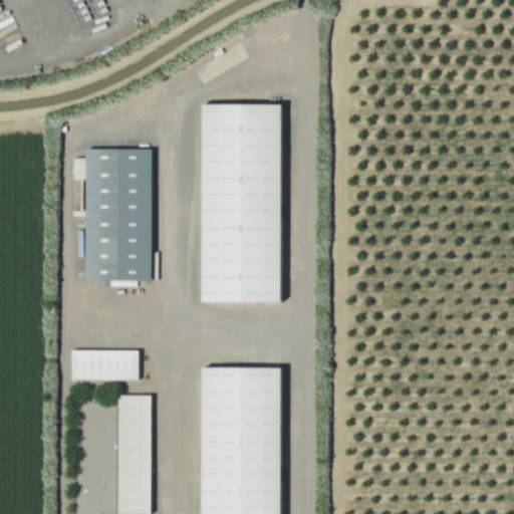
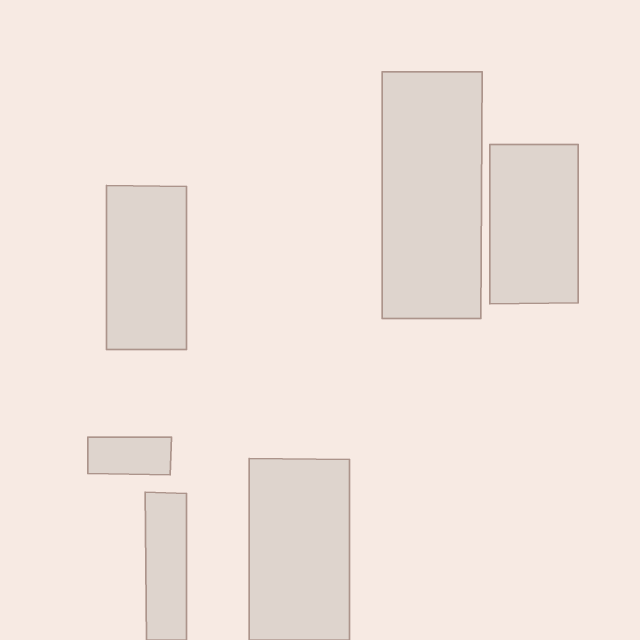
building: [202,104,282,302] -> [382,72,482,319]
building: none -> [490,144,578,304]

